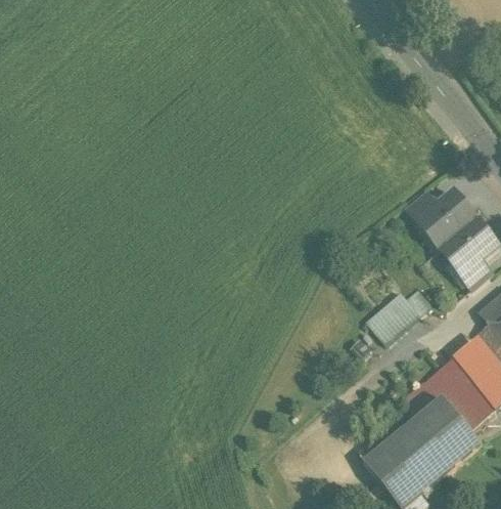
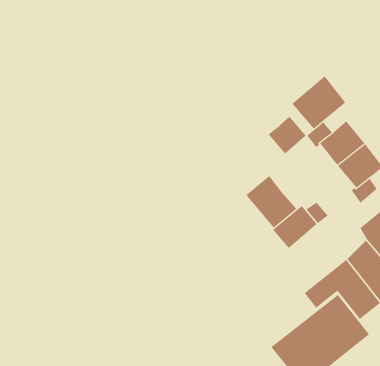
building: none -> [291,76,346,129]
building: none -> [268,116,307,155]
building: none -> [245,175,297,229]

